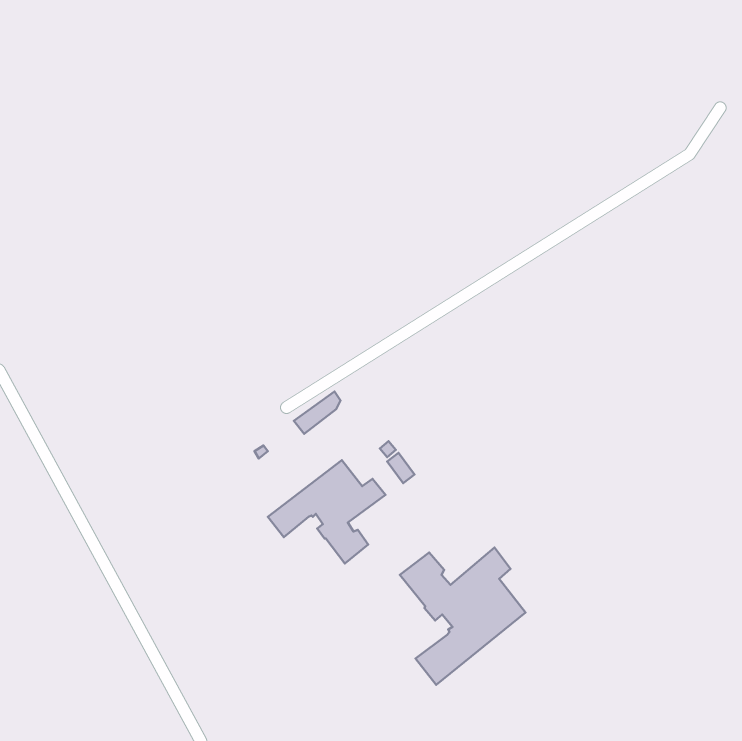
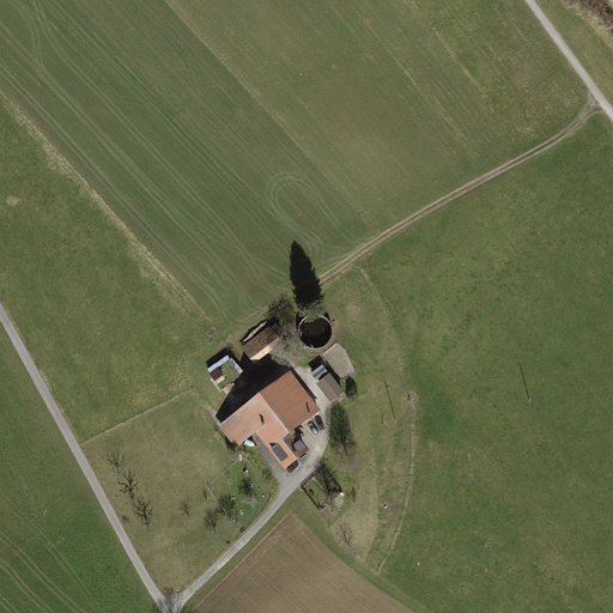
building: [400,547,526,685] -> none

